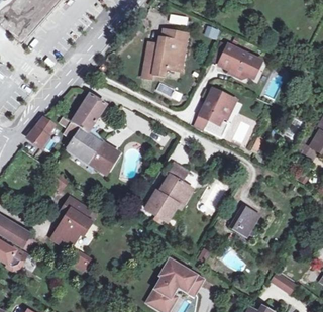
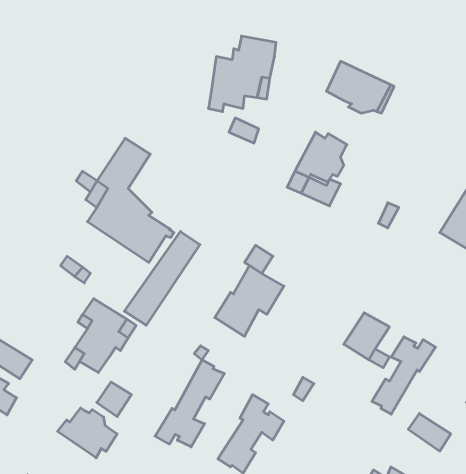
building: [26,118,53,147] -> none
building: none -> [124,231,200,325]
building: none -> [372,337,436,414]
building: none -> [155,360,224,447]
building: none -> [58,408,117,458]

